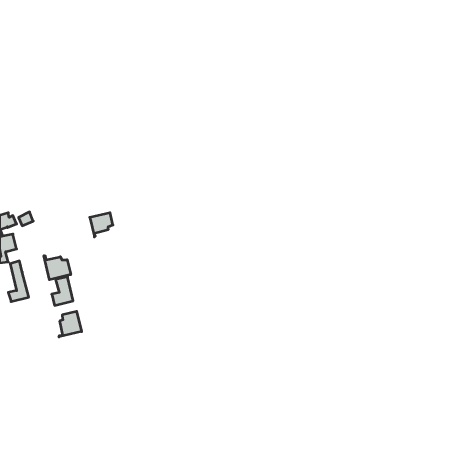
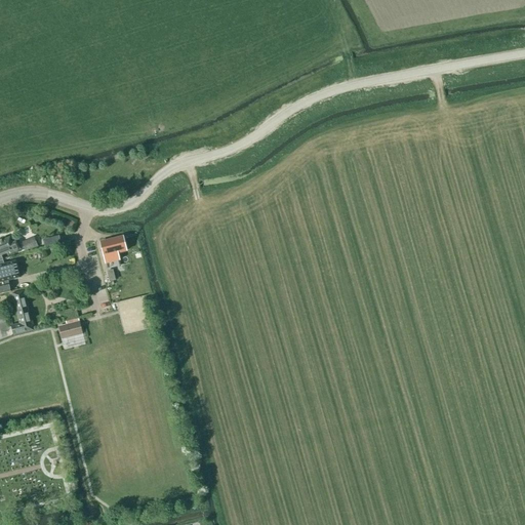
building: [44,256,71,280] -> none
building: [59,311,82,337] -> none

